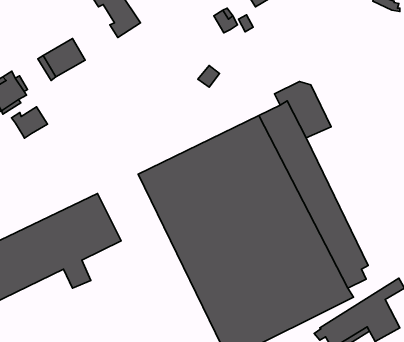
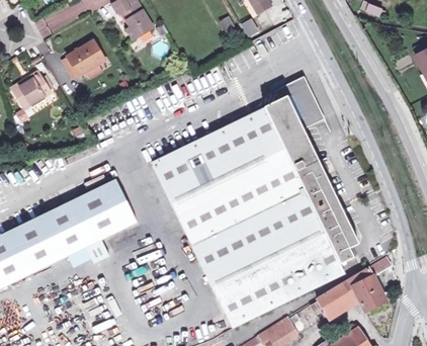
building: [12,107,48,138] -> none

